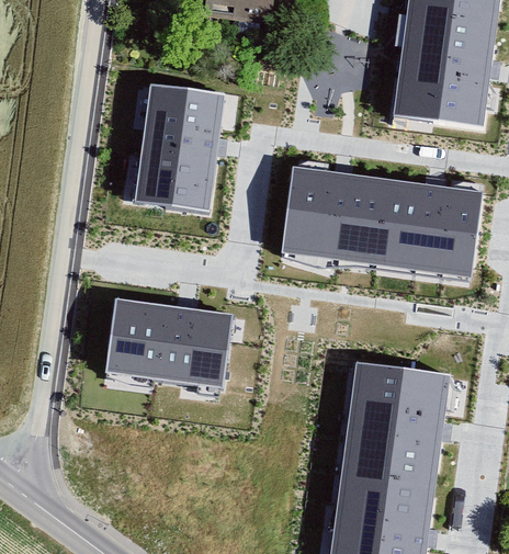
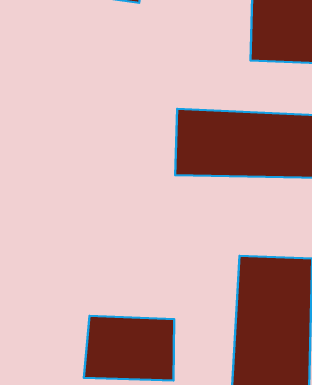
building: [129,81,224,212] -> none
building: [102,296,226,391] -> [84,316,174,381]

